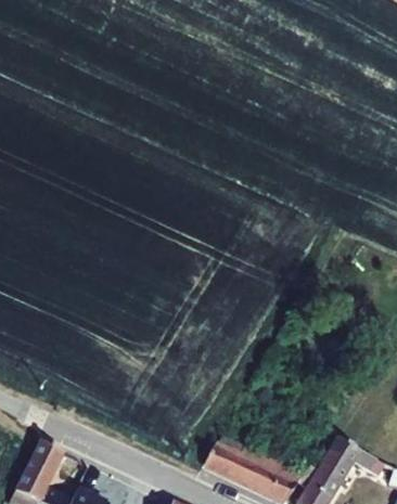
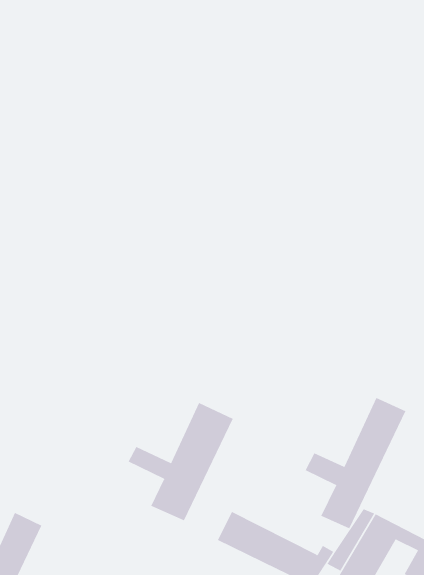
building: none -> [305,397,406,529]
building: none -> [128,402,234,521]

